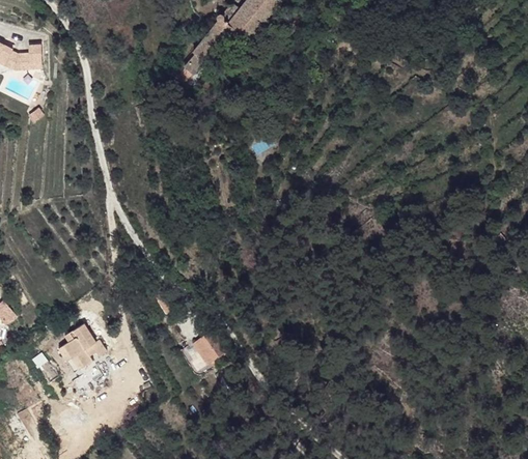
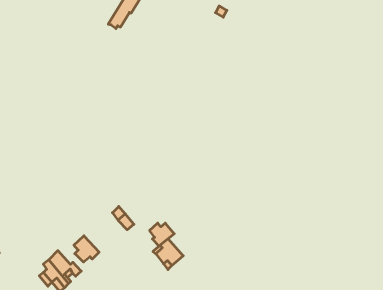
building: none -> [150,223,174,246]
building: none -> [74,236,99,262]

